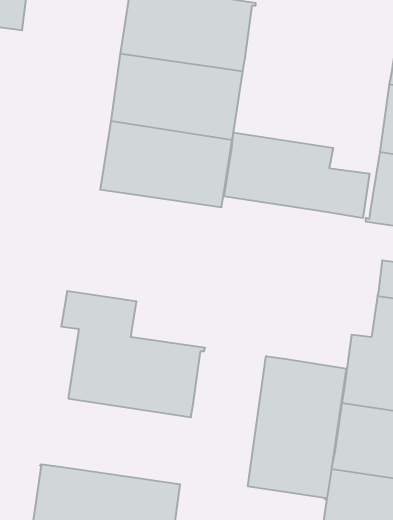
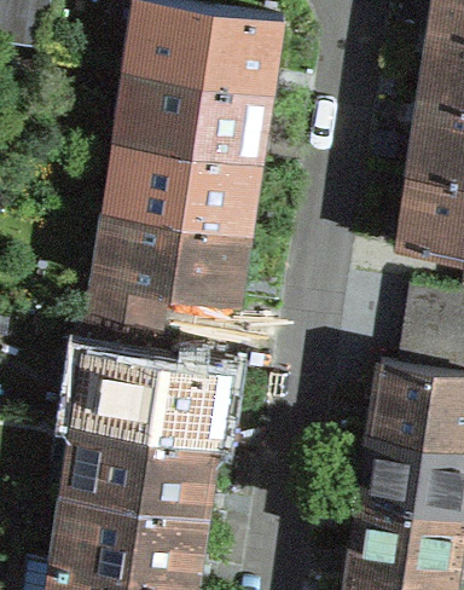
building: [224,132,370,218] -> none
building: none -> [88,210,246,325]
building: [248,356,346,499] -> none
building: none -> [80,424,215,513]

